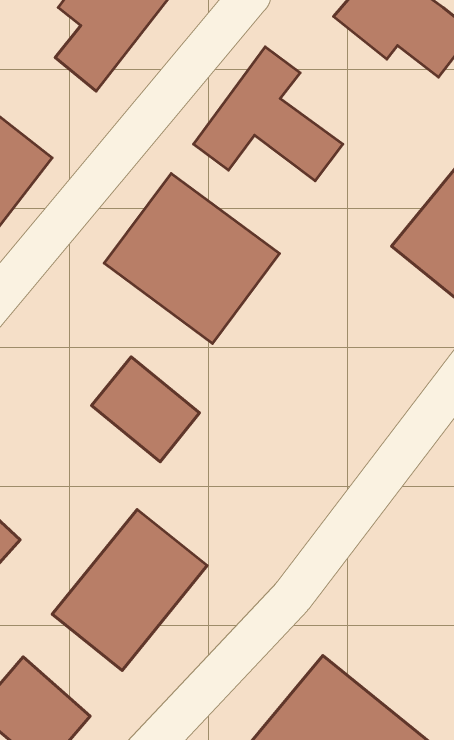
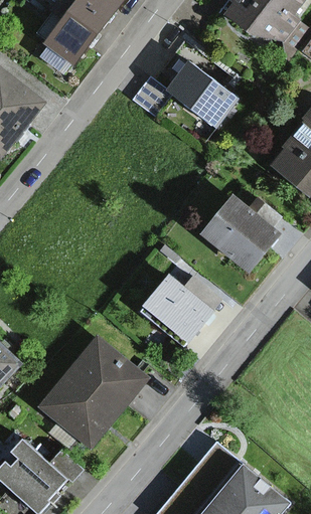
building: [104,173,279,343] -> none
building: none -> [198,199,276,275]
building: [92,357,200,462] -> [138,280,209,349]

